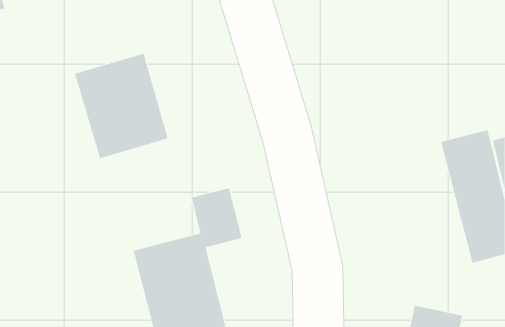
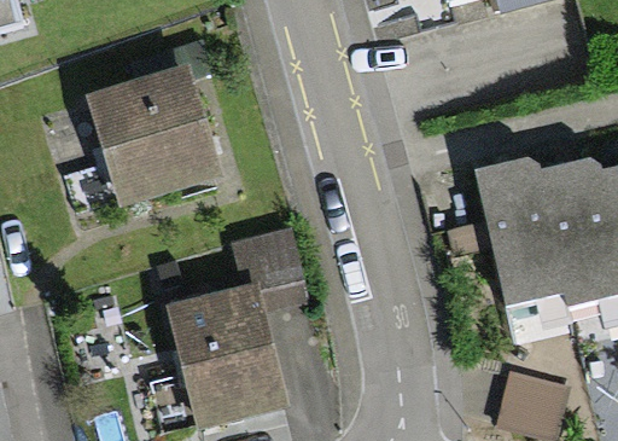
building: none -> [477,164,571,323]

